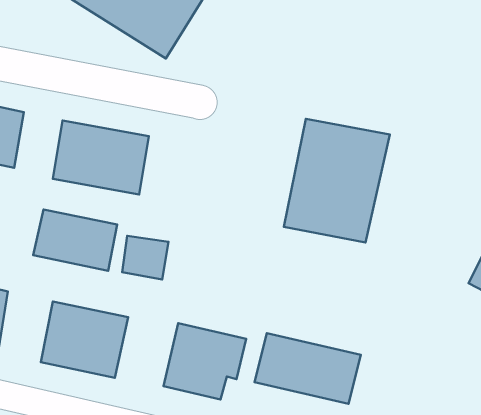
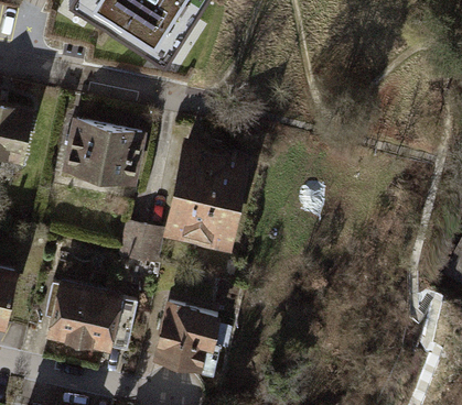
building: [284,119,390,243] -> [164,140,260,252]
building: [33,209,117,271] -> none
building: [254,333,361,404] -> none

